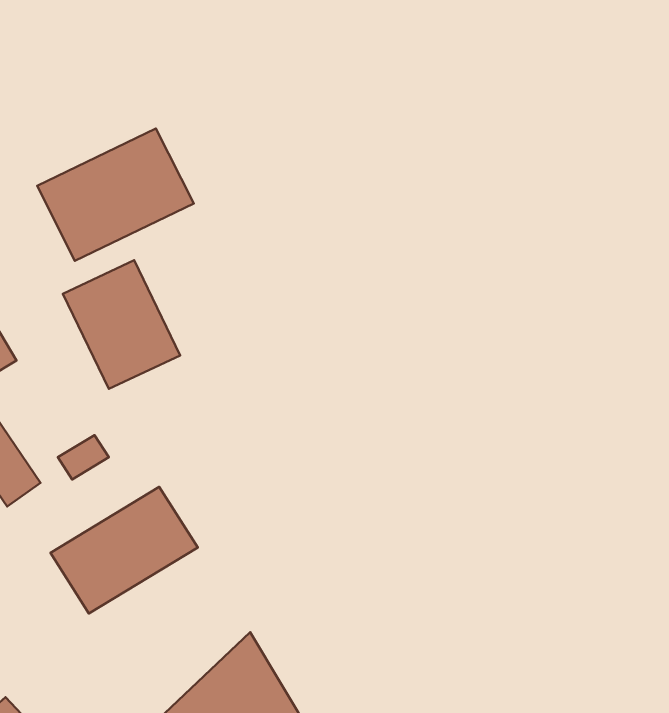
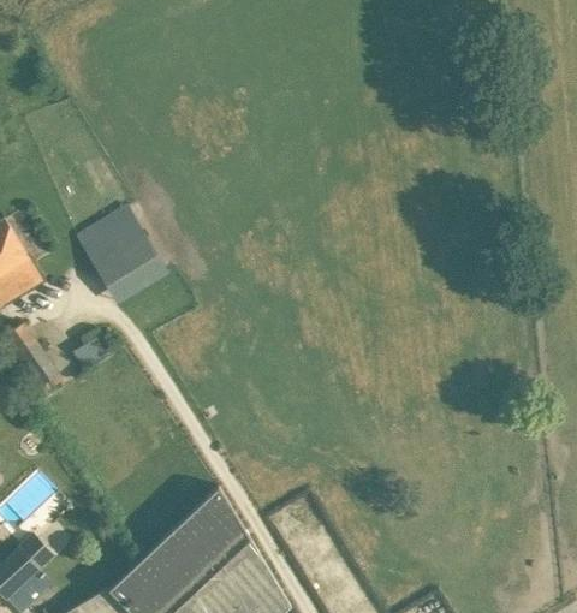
building: [37,128,194,261] -> none
building: [50,487,198,614] -> none

